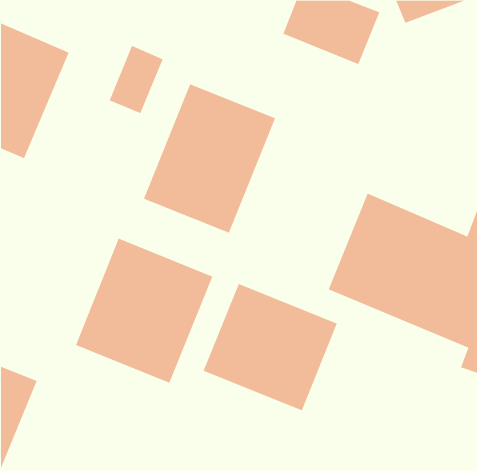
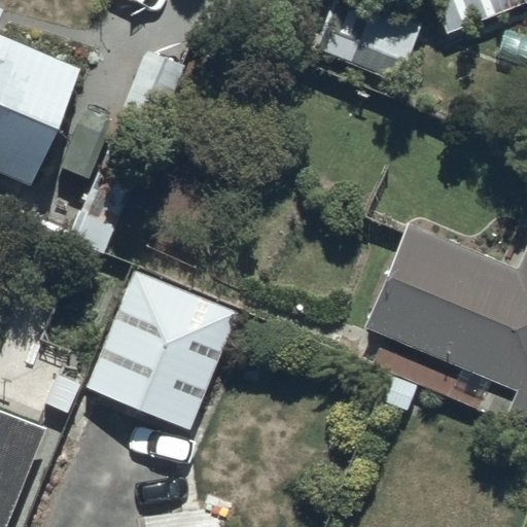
building: [143,84,276,234] -> none
building: [203,283,337,411] -> none

